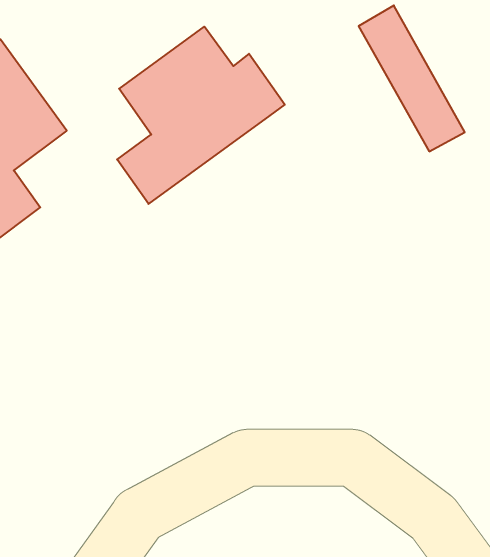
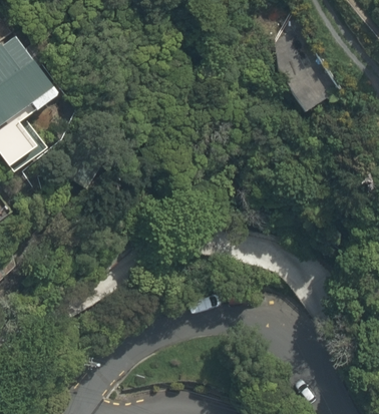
building: [117,27,285,204] -> none

